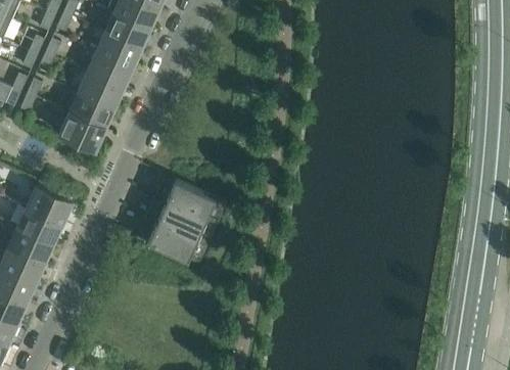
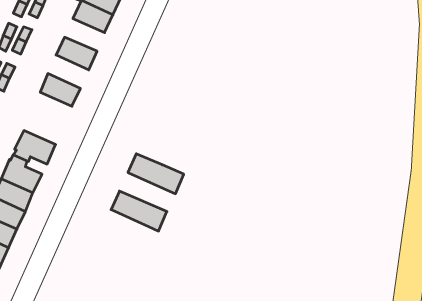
building: [96,32,140,67] -> none
building: [78,72,123,108] -> none
building: [58,112,104,149] -> [14,131,56,164]
building: [156,200,218,243] -> none

